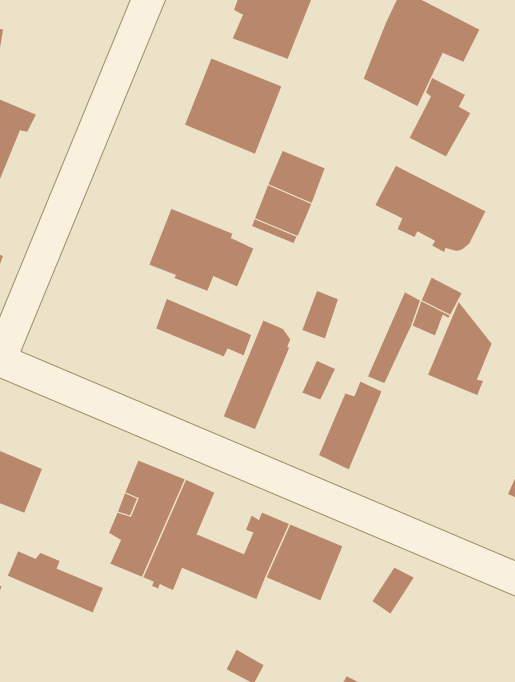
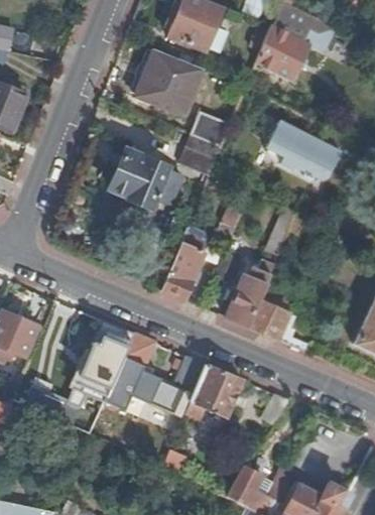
building: [409,77,471,157] -> none
building: [156,298,252,357] -> none
building: [427,300,493,396] -> [247,277,291,342]

